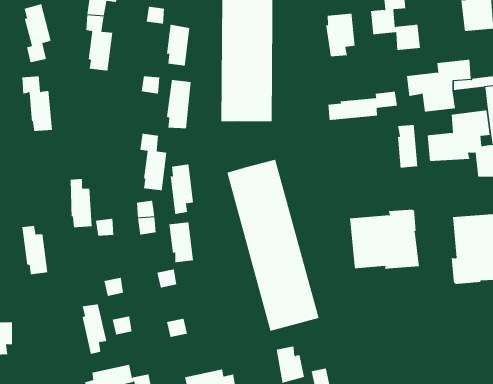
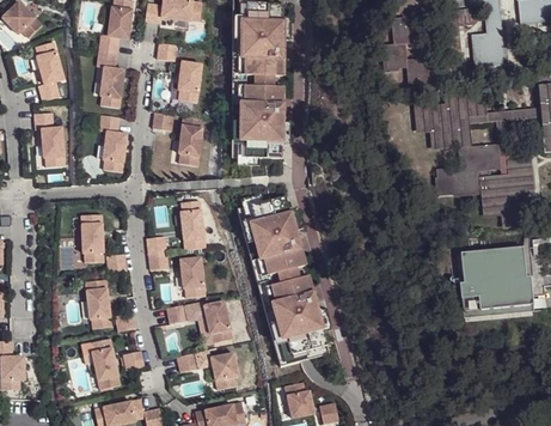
building: [326,13,355,57] -> none
building: [328,91,397,121] -> none
building: [397,124,418,169] -> none
building: [140,133,167,191] -> [99,115,127,172]
building: [350,209,419,269] -> none
building: [22,226,48,275] -> [85,280,111,329]
building: none -> [204,300,233,342]
building: none -> [212,353,238,390]

